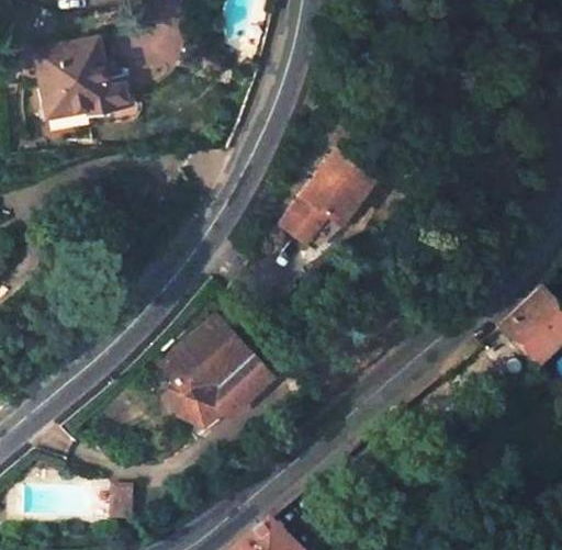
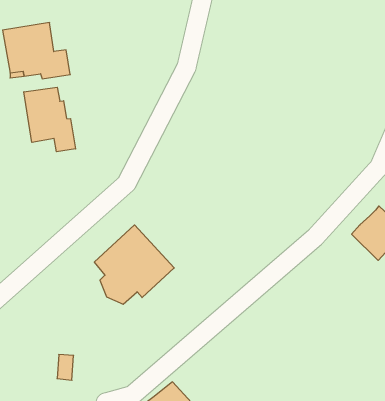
building: none -> [24,87,76,152]
building: [280,149,373,242] -> none

